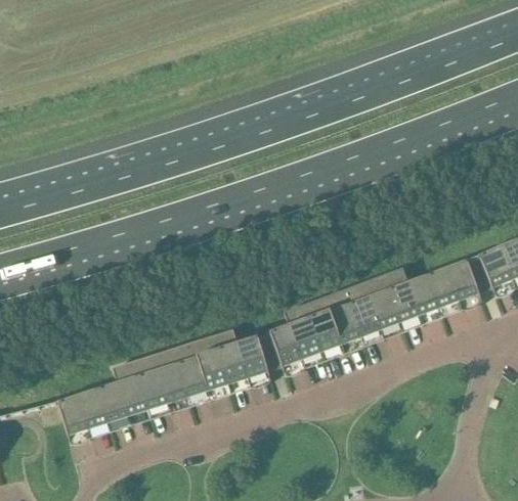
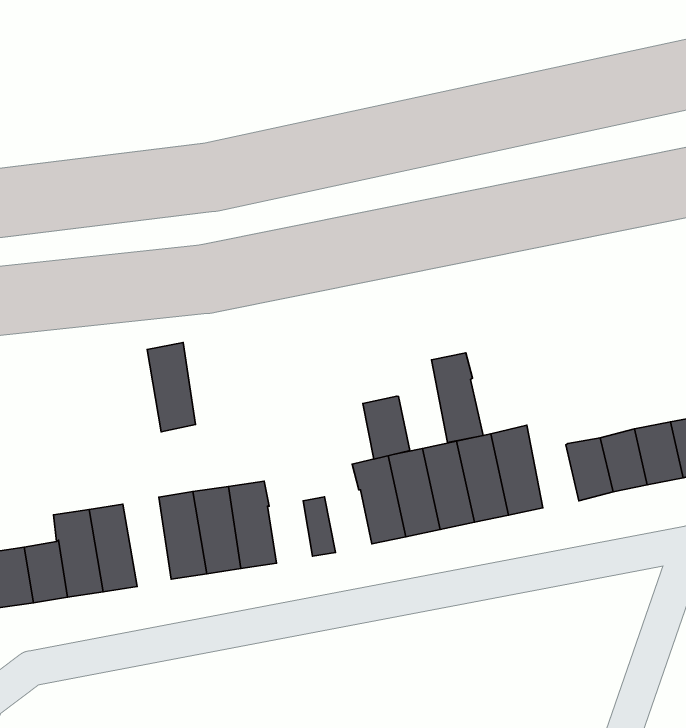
building: [385,266,422,320] -> [432,353,483,443]
building: [272,325,304,364] -> [363,396,410,459]
building: [240,336,270,375] -> none
building: [155,347,189,401] -> [147,342,195,432]

